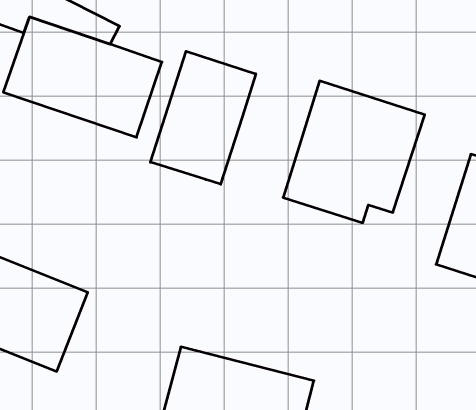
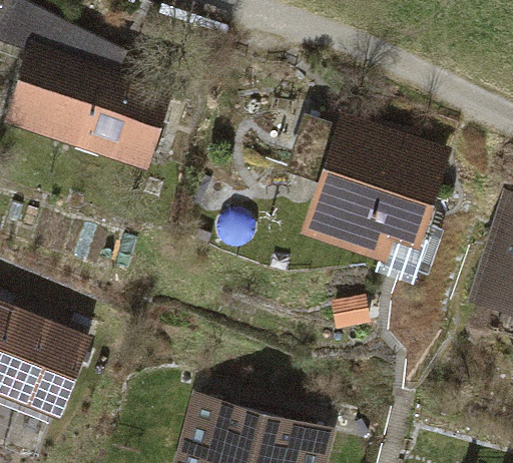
building: [150,51,256,184] -> none

